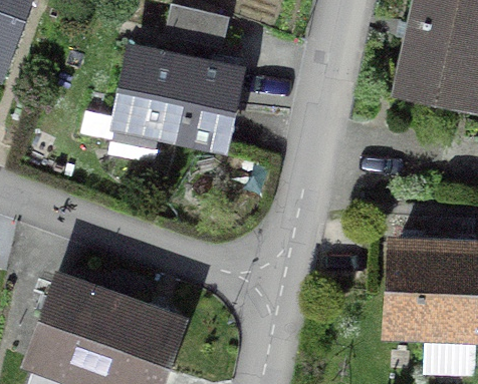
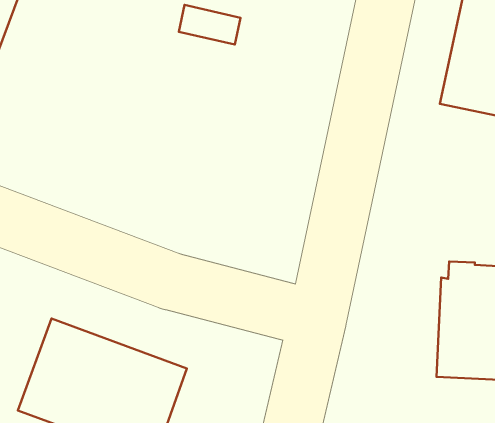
building: [111,52,237,151] -> none

